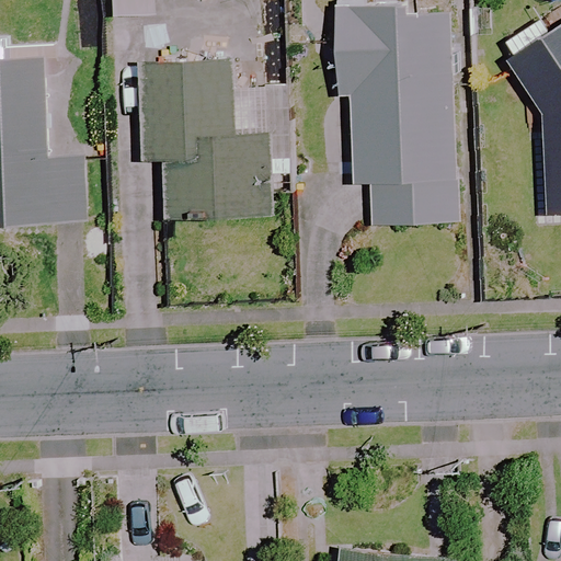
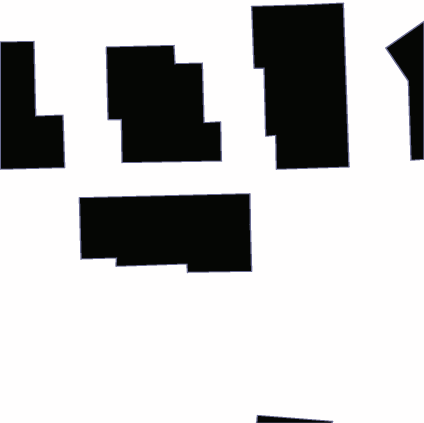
building: none -> [80,194,252,273]

